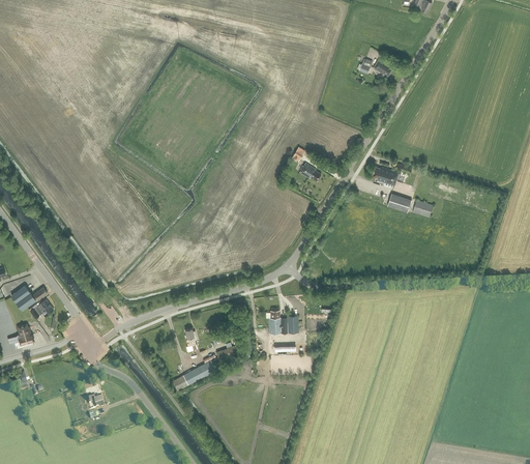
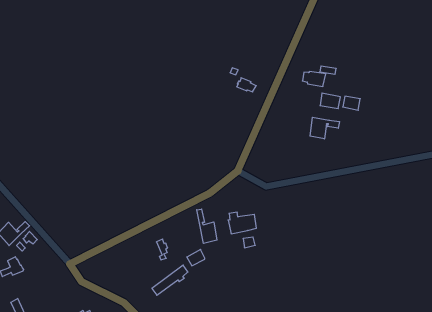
building: none -> [310,117,340,139]
building: none -> [197,209,217,243]

